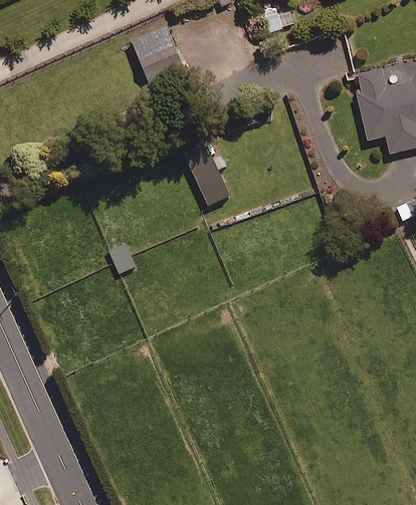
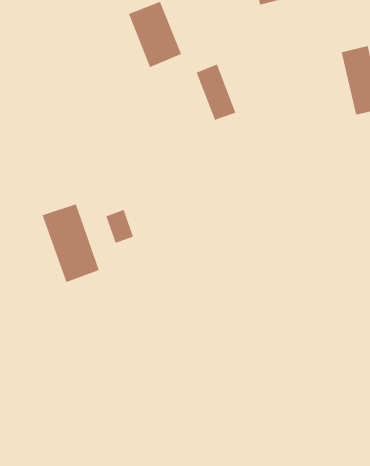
building: [188,146,229,204] -> [196,64,236,121]
building: none -> [42,204,100,283]

